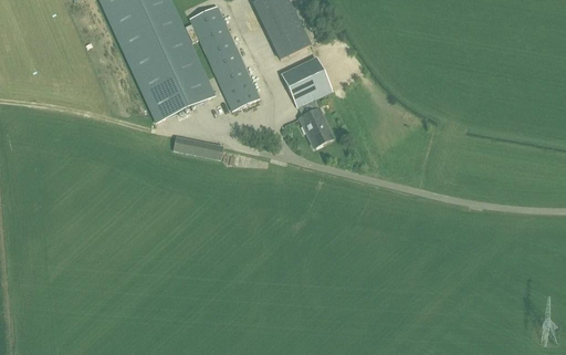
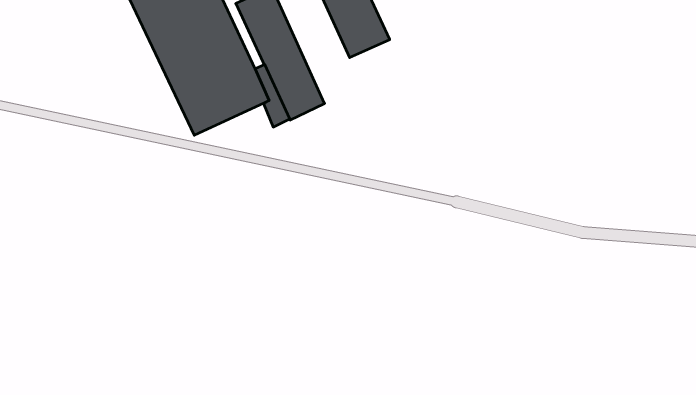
building: [280,55,333,107] -> none
building: [300,107,333,146] -> none

